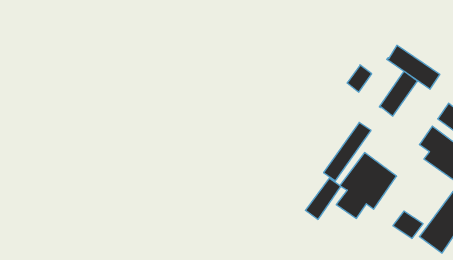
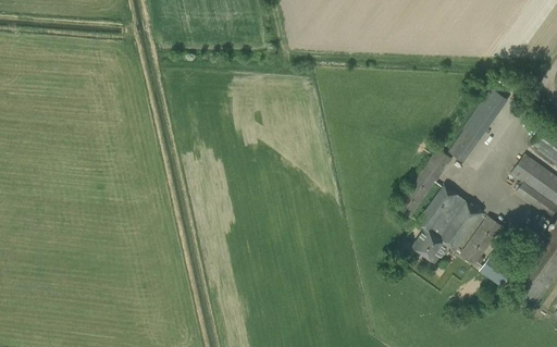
building: [387,45,440,89] -> none
building: [347,65,372,92] -> [449,129,479,162]
building: [305,178,341,219] -> [460,215,503,264]

